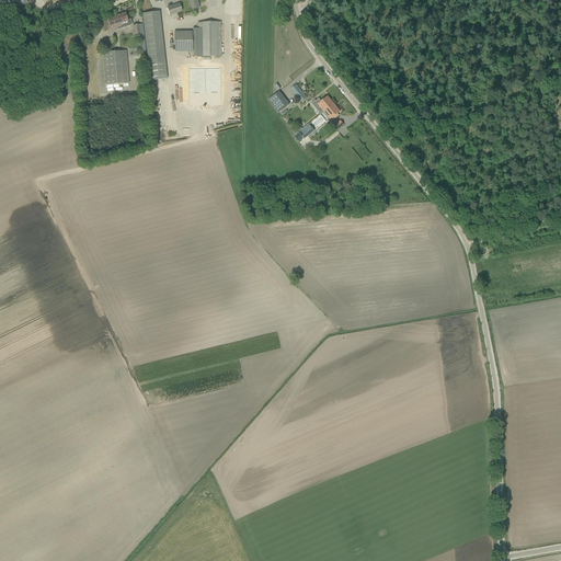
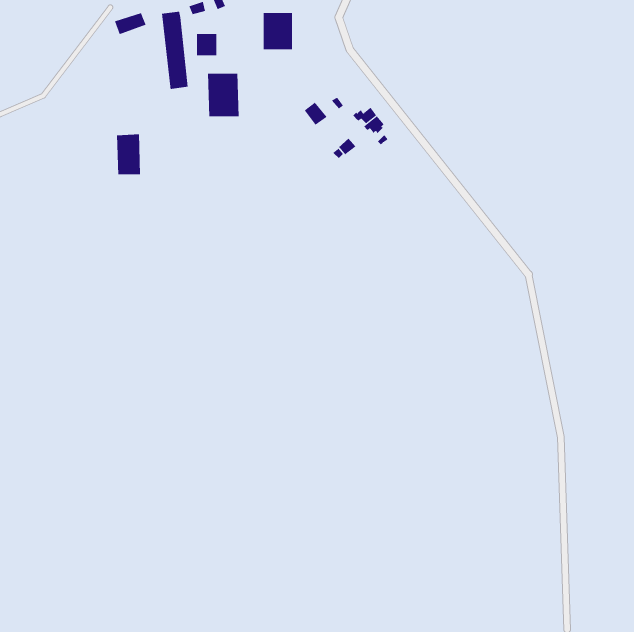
building: [197,20,224,53] -> [263,13,293,50]
building: [105,48,127,84] -> [116,134,141,175]

